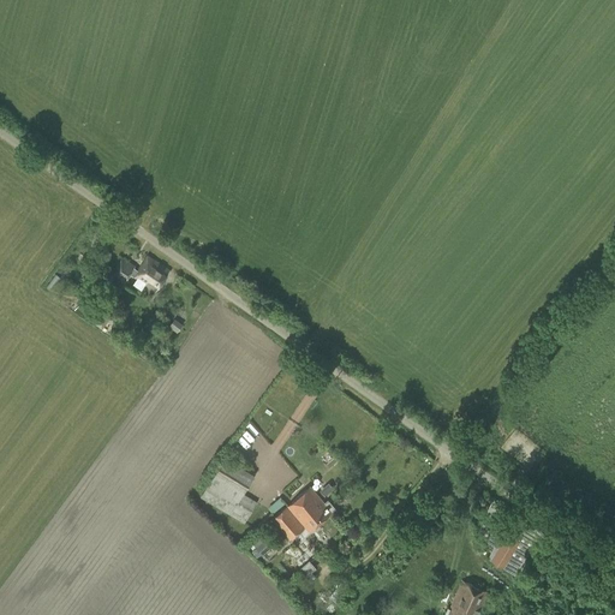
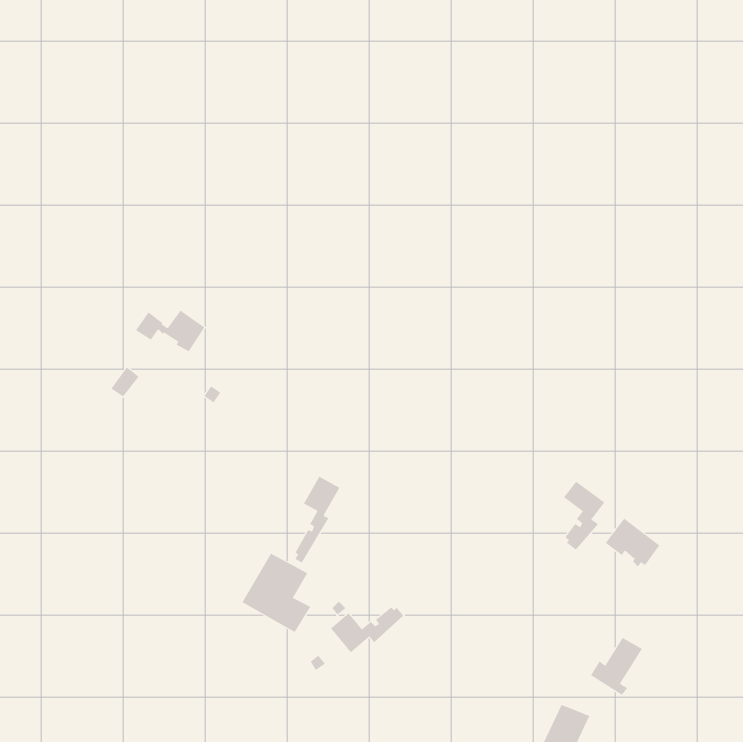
building: none -> [294,476,340,564]
building: none -> [563,481,605,551]
building: [288,488,323,520] -> none

